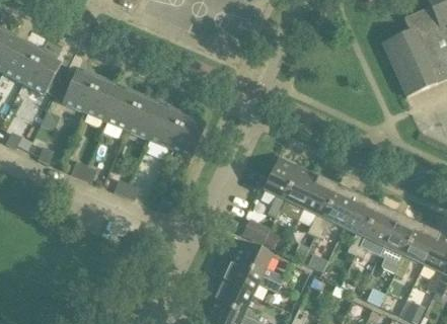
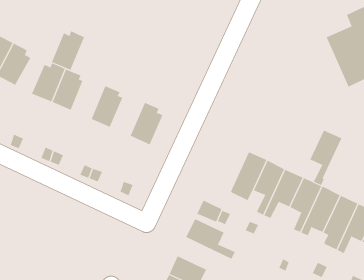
building: [105,87,142,131] -> [51,31,85,70]
building: [148,105,185,149] -> none
building: [264,157,299,218] -> [310,130,342,186]
building: [221,259,281,295] -> none

